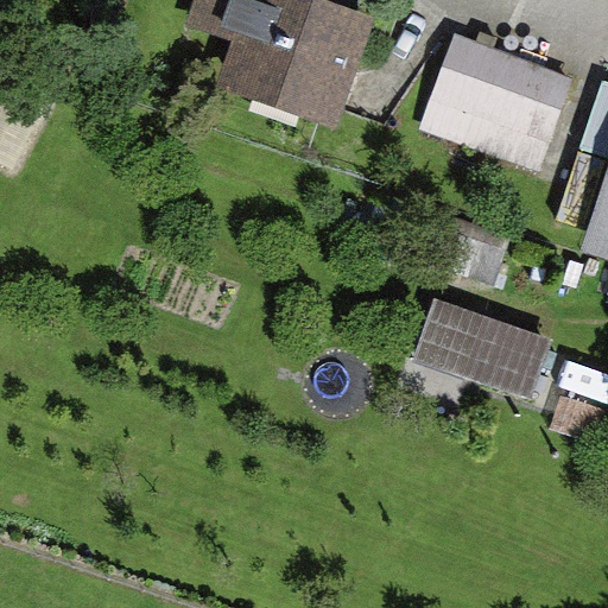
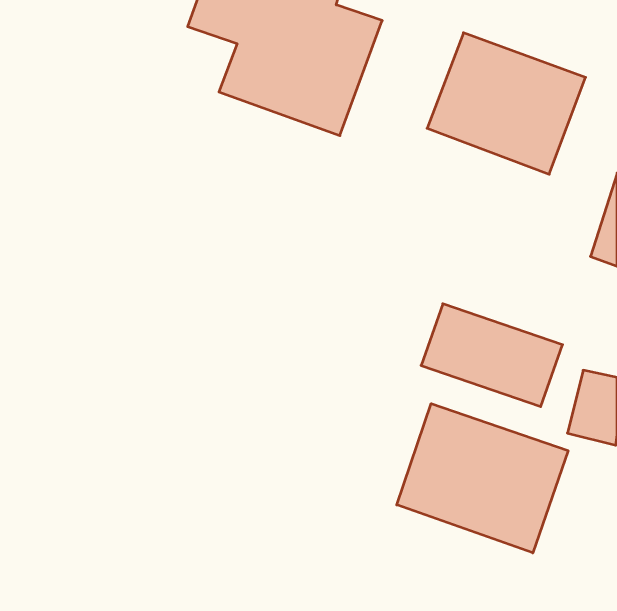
building: none -> [397,404,568,553]

